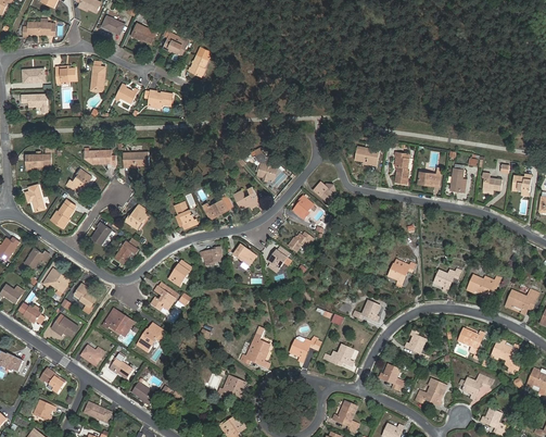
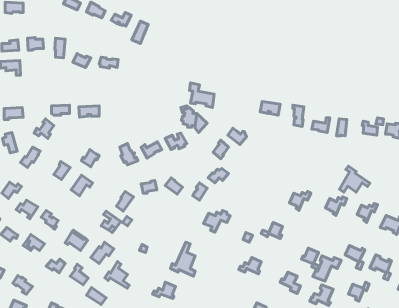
building: none -> [190,83,214,108]
building: none -> [340,166,370,192]
building: [288,335,321,362] -> [204,211,230,232]
building: none -> [313,256,341,281]
building: none -> [105,261,129,288]

